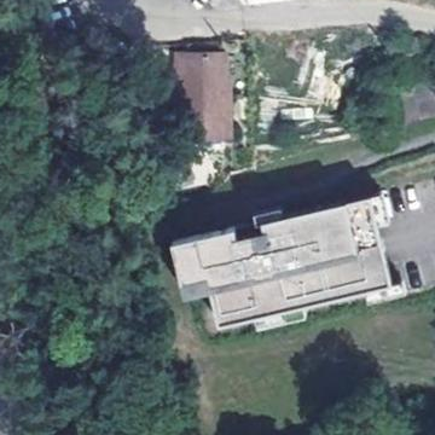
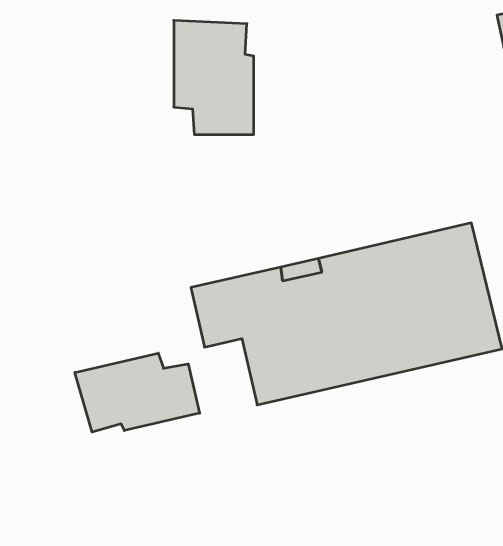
building: none -> [75,353,200,432]

